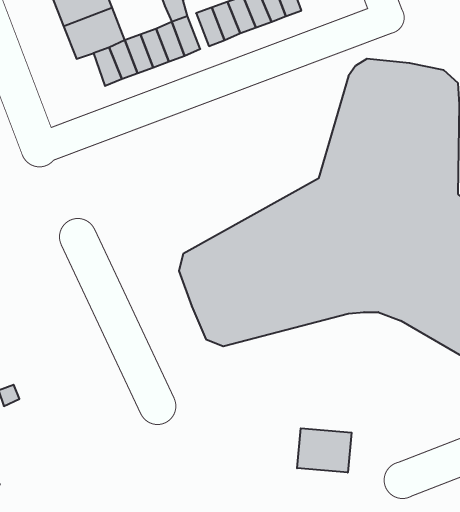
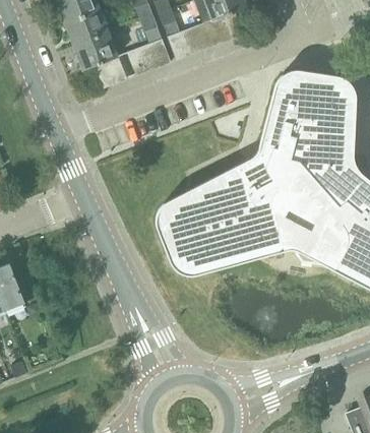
building: [297,428,352,473] -> none

